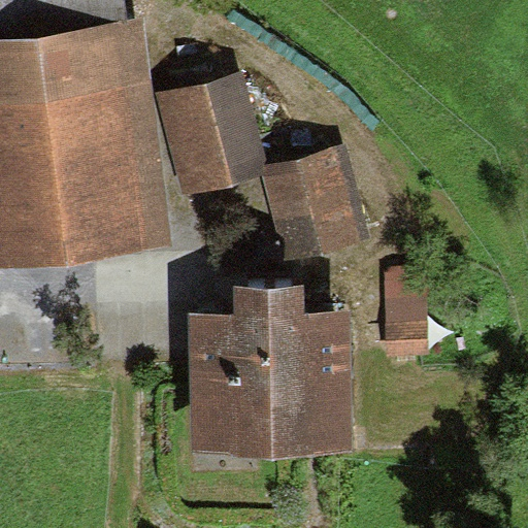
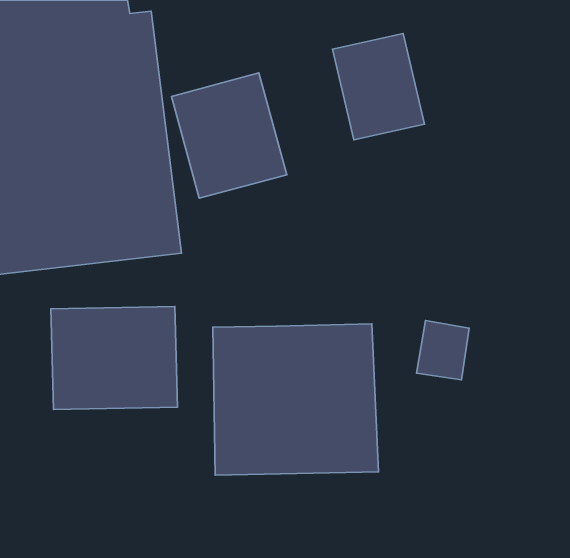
building: [272,160,357,258] -> [333,34,424,140]
building: none -> [51,306,177,410]

